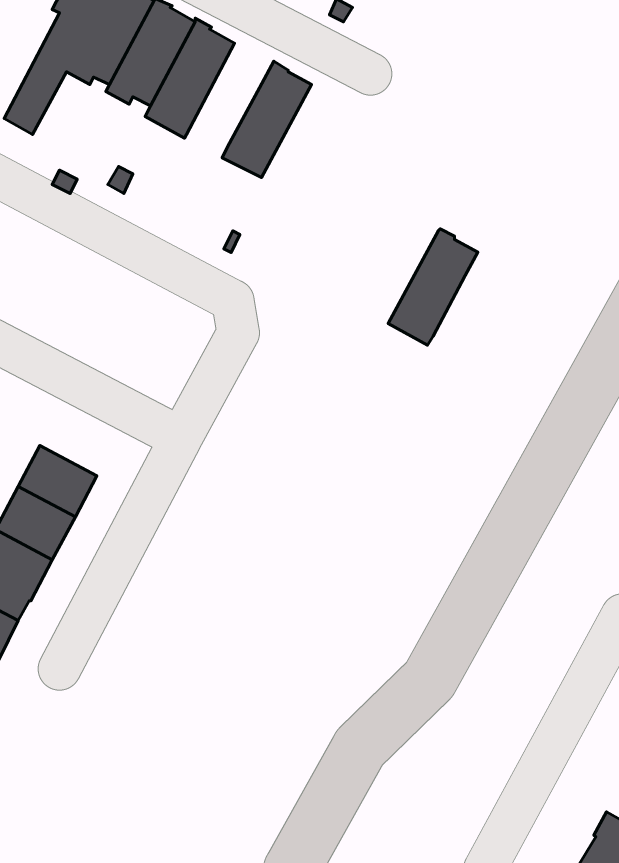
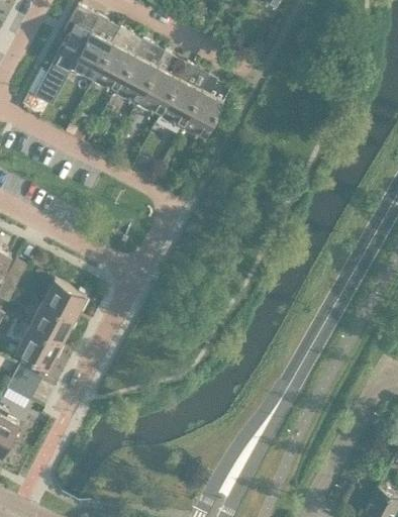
building: none -> [137,50,179,111]
building: [388,229,478,345] -> [180,75,230,140]

